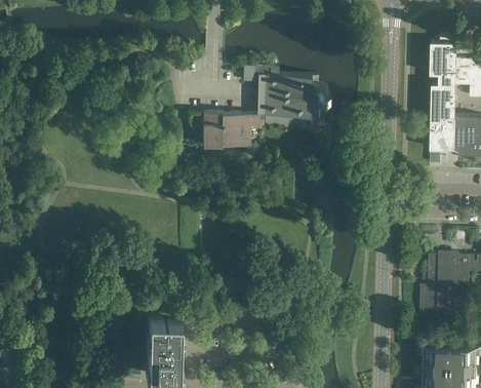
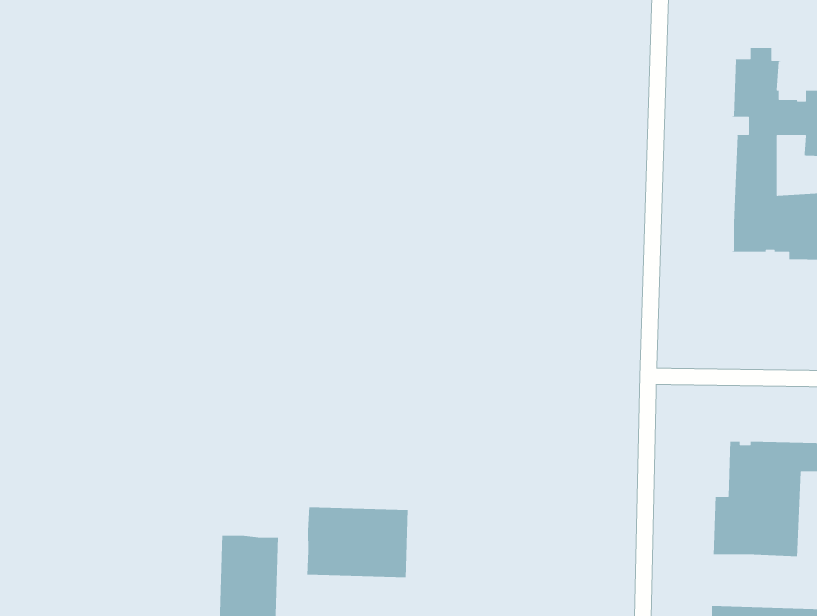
building: [202,66,327,146] -> none
building: none -> [306,507,408,578]

